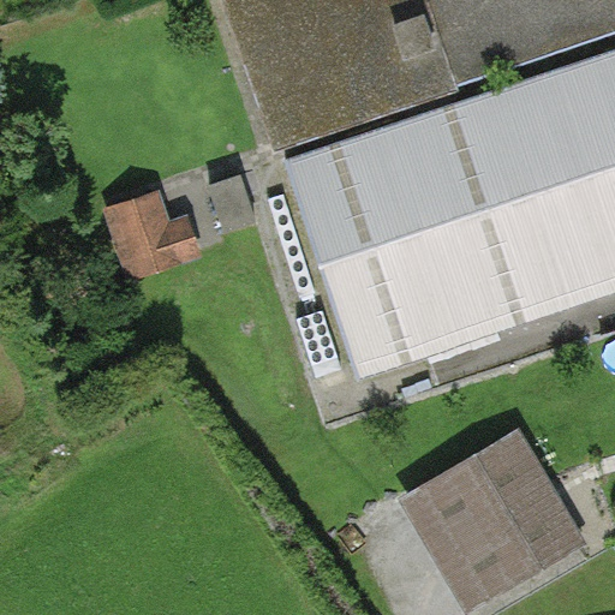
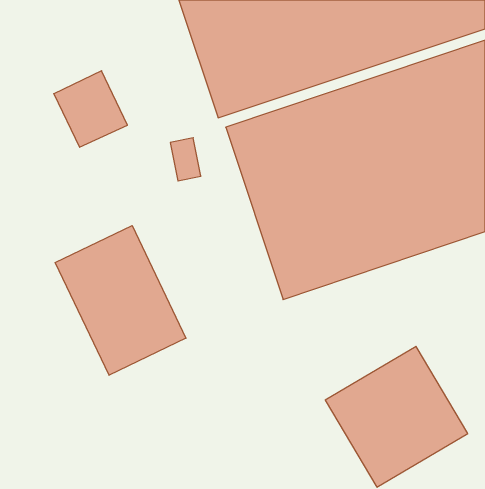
building: [108,181,201,277] -> [54,71,127,147]
building: none -> [55,226,186,375]

